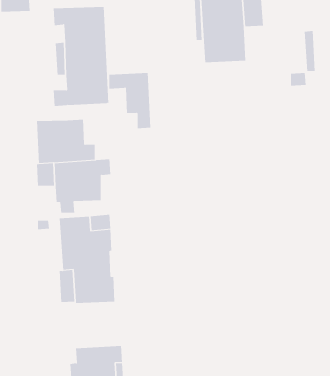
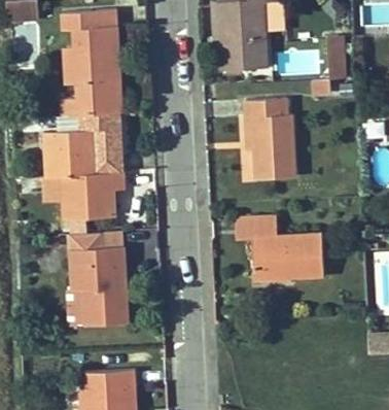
building: [109,73,151,129] -> [77,113,122,173]
building: none -> [245,99,294,179]
building: none -> [235,217,323,279]

